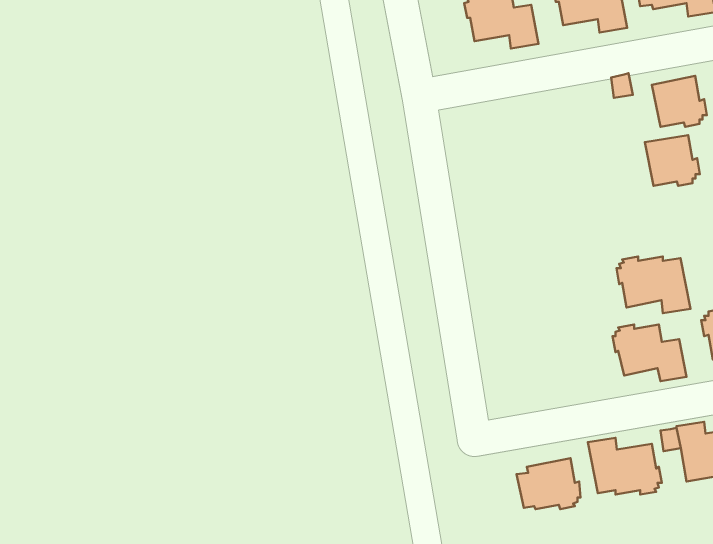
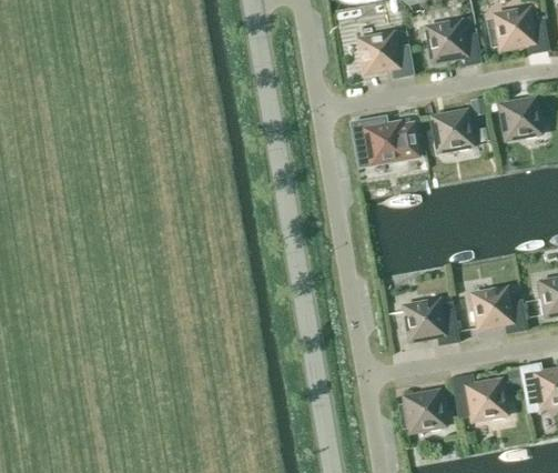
building: none -> [352,114,417,163]
building: [645,135,700,186] -> [434,110,476,149]
building: [616,257,691,313] -> [404,300,460,343]

